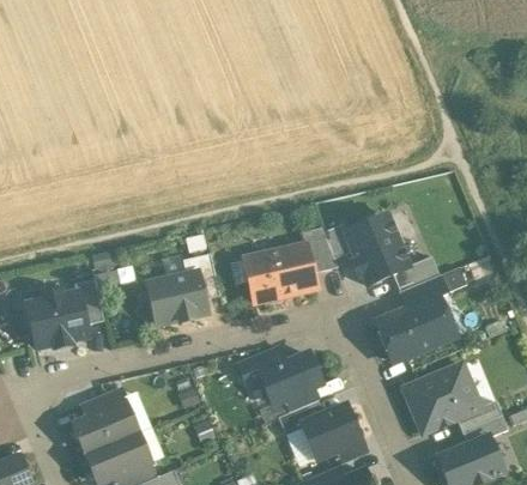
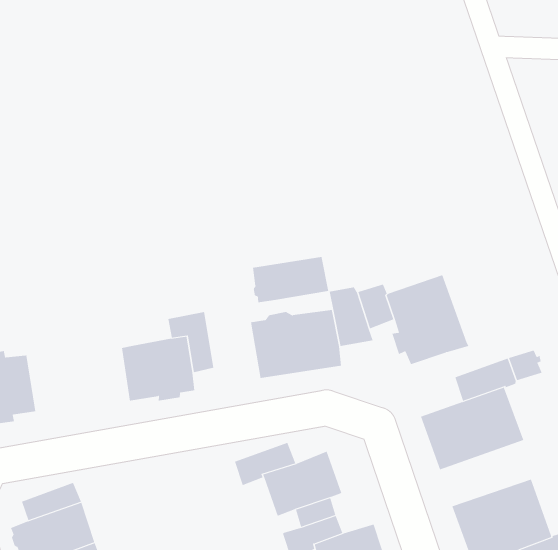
building: none -> [252,256,329,303]
building: [392,256,438,291] -> none
building: [73,279,103,325] -> none

